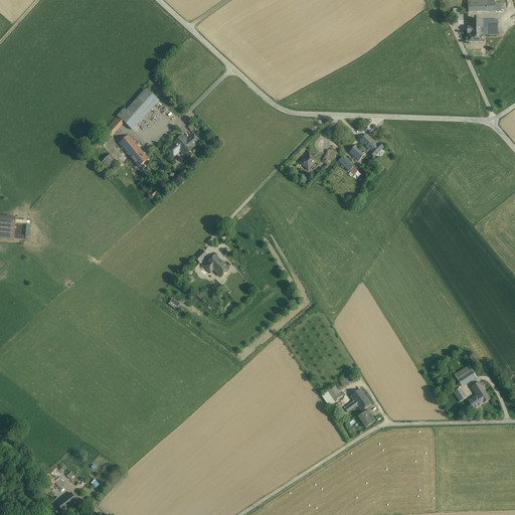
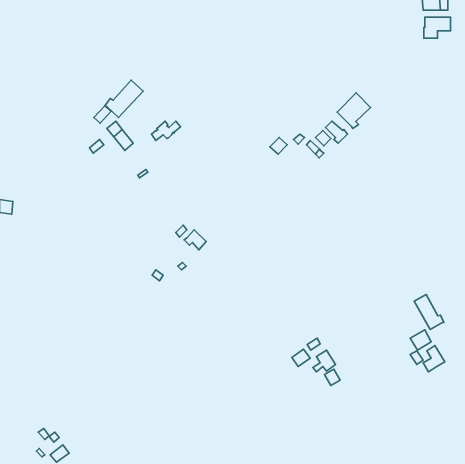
building: none -> [337,93,371,129]
building: none -> [414,295,444,330]

